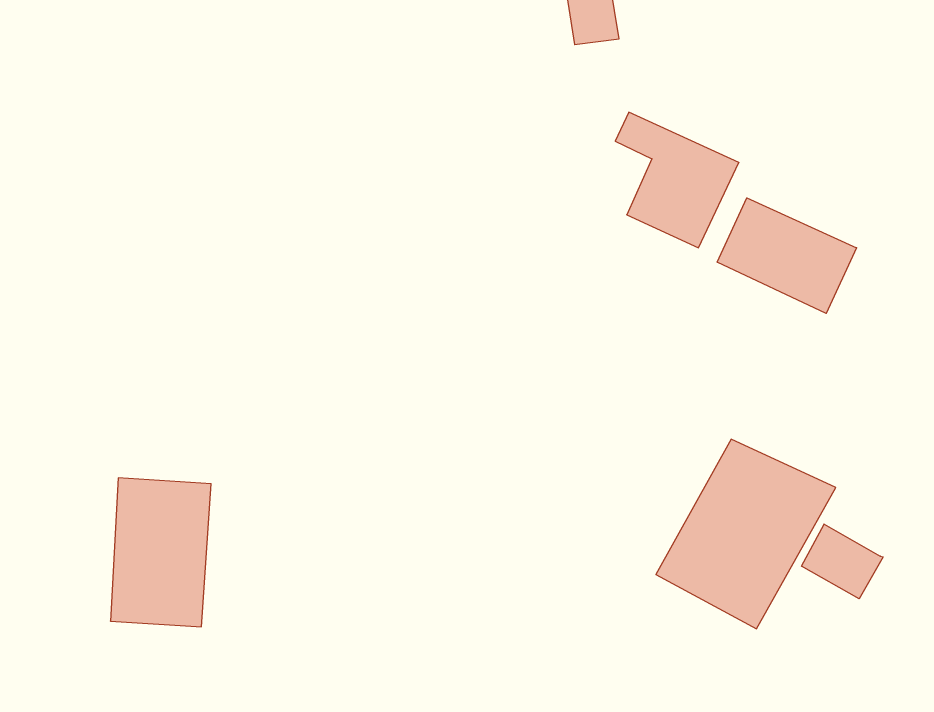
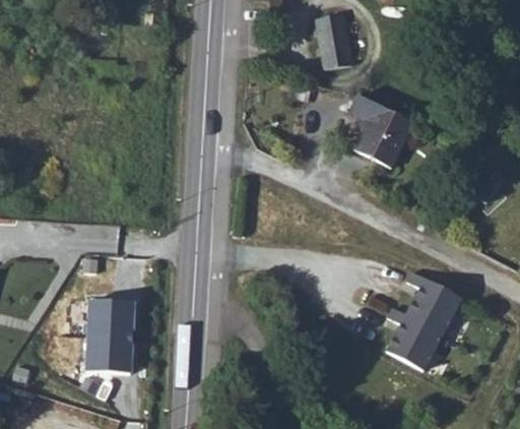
building: [717,198,857,313] -> none
building: [802,524,883,599] -> none

